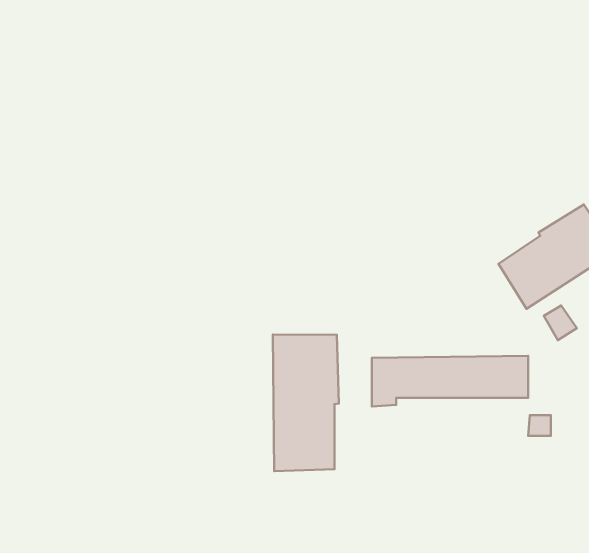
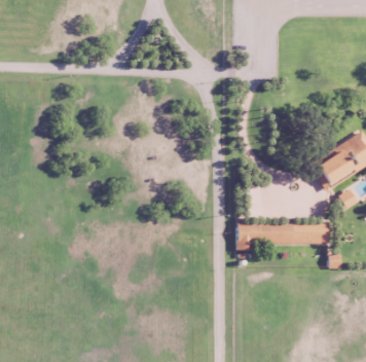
building: [273,335,339,471] -> none

